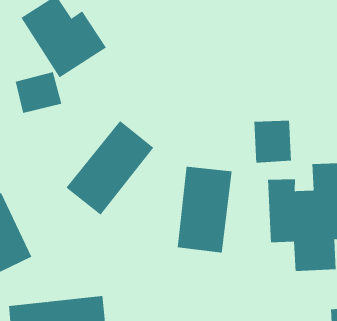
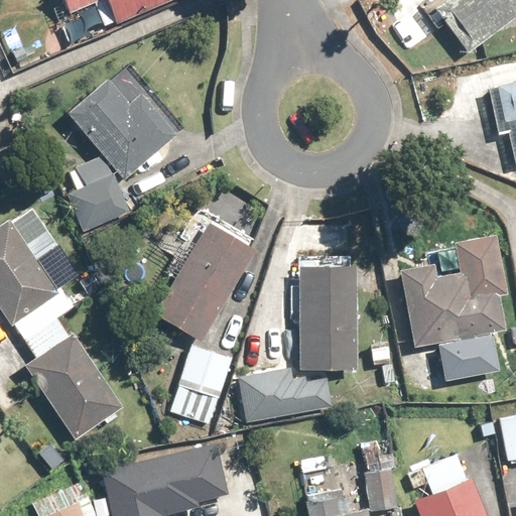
building: [254,120,291,163] -> none
building: none -> [171,345,234,425]
building: none -> [245,365,338,417]

